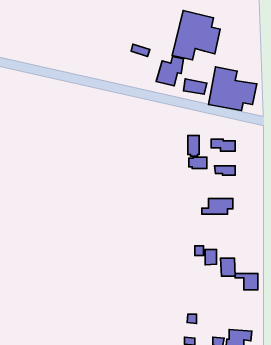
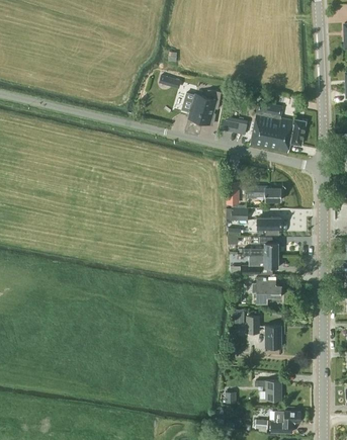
building: [172,11,220,60] -> none
building: none -> [243,237,278,256]
building: none -> [252,277,281,304]
building: [235,273,258,290] -> [255,380,281,400]

